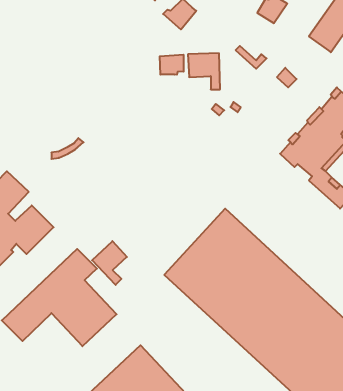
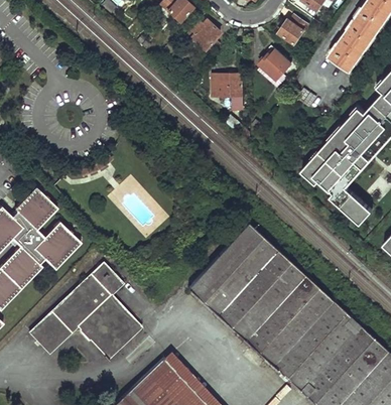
building: none -> [260,47,291,80]
building: [160,55,184,75] -> none
building: [92,241,127,285] -> none

